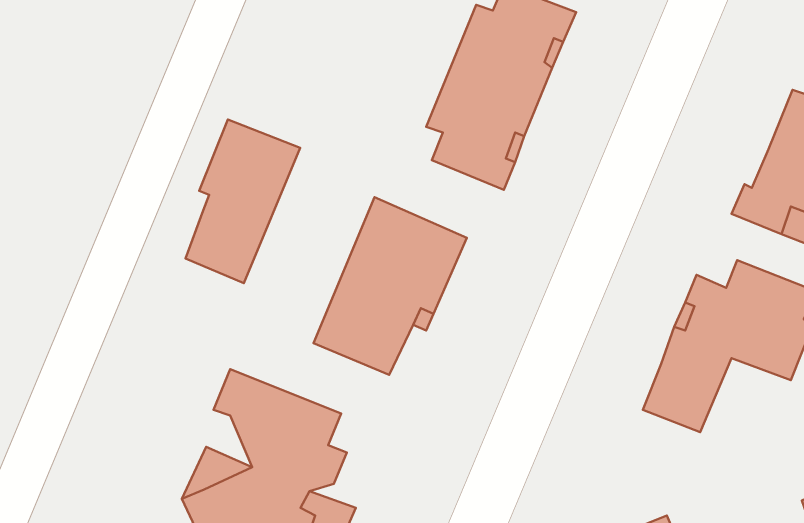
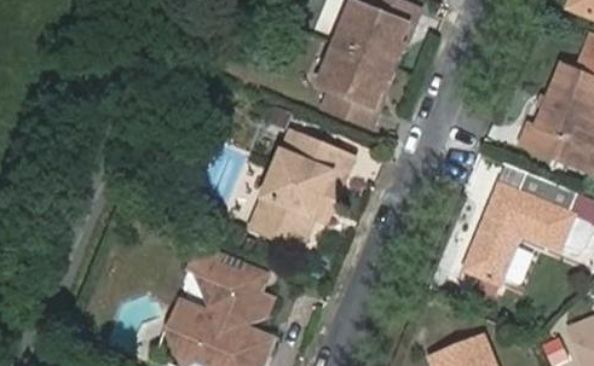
building: [185,120,300,283] -> none

